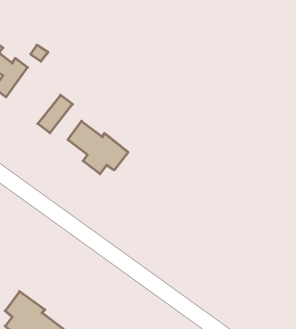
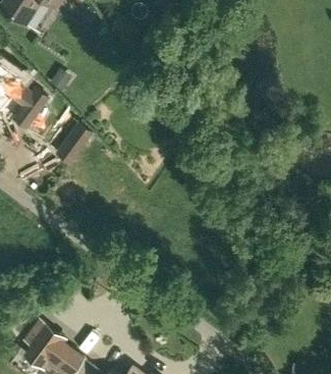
building: [68,121,128,174] -> none

